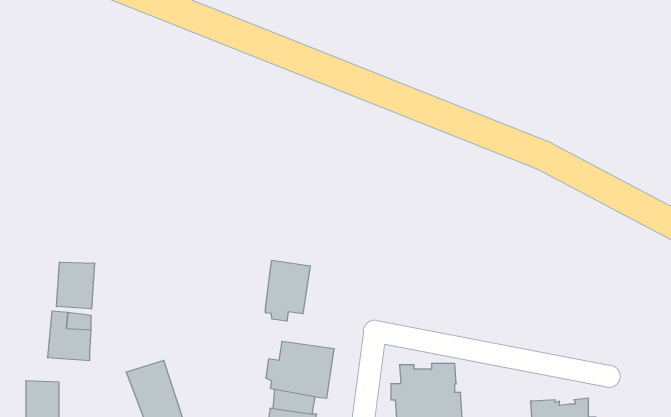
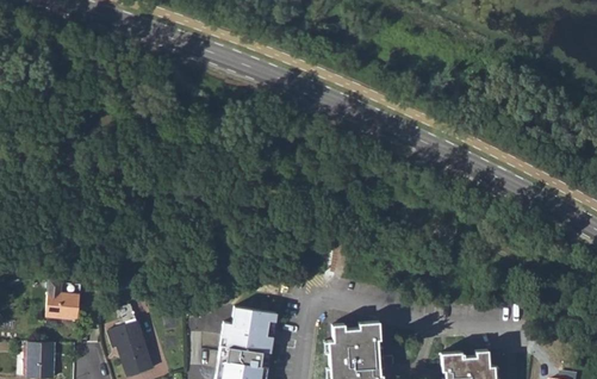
building: [266,260,310,321] -> none
building: [57,262,95,309] -> none

